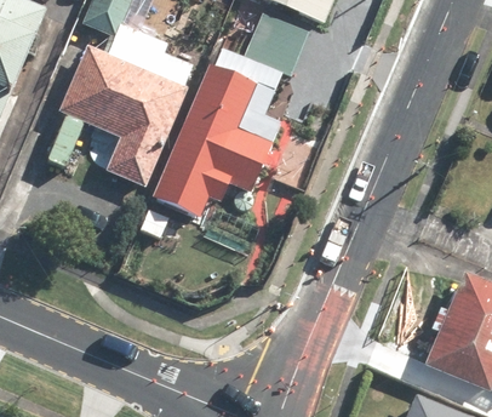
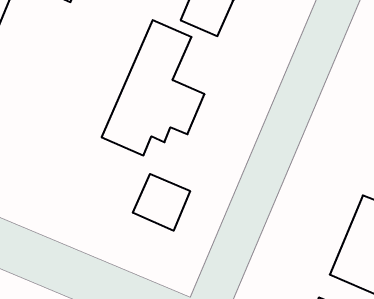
building: [56,45,188,187] -> none
building: none -> [133,174,190,231]

